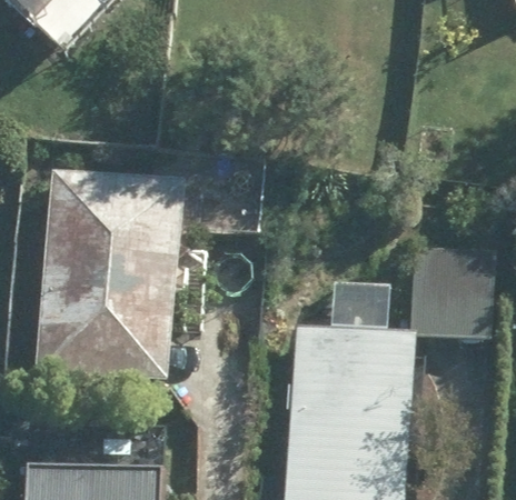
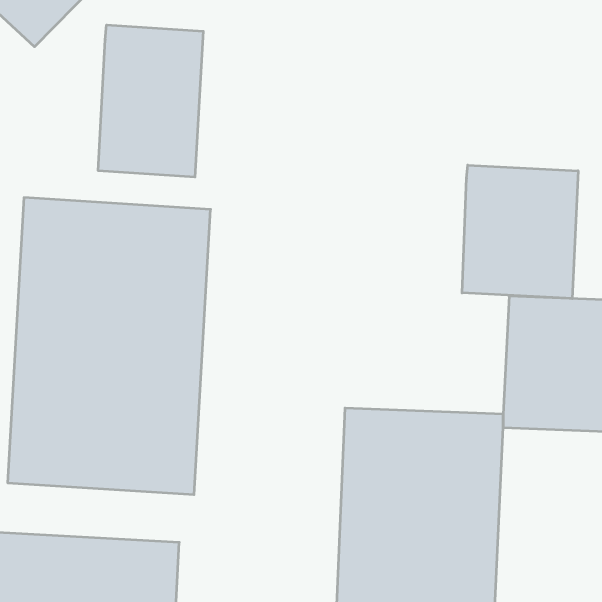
building: none -> [98,25,203,177]
building: none -> [462,165,578,299]

